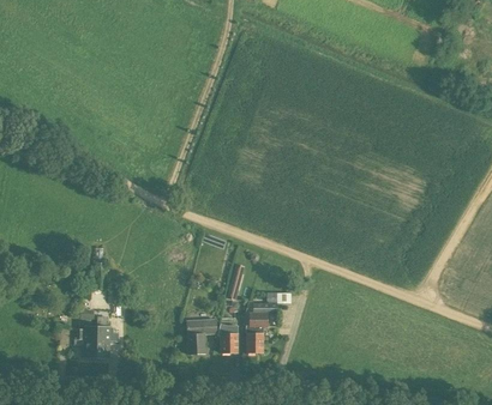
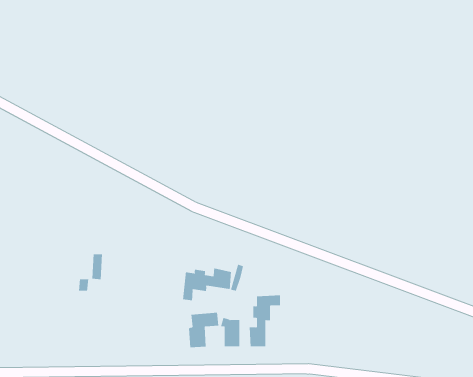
building: none -> [182,267,231,301]
building: [73,324,108,357] -> none

